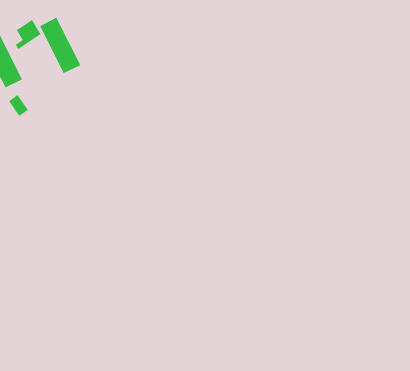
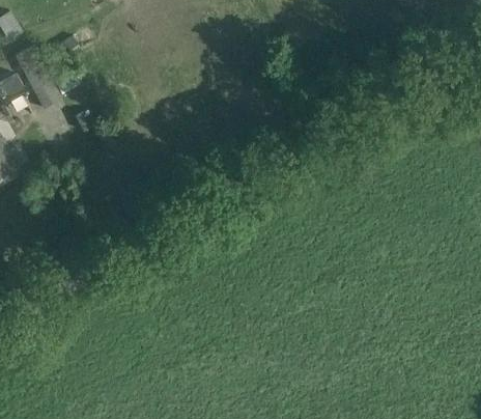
building: [40,17,81,74] -> none

